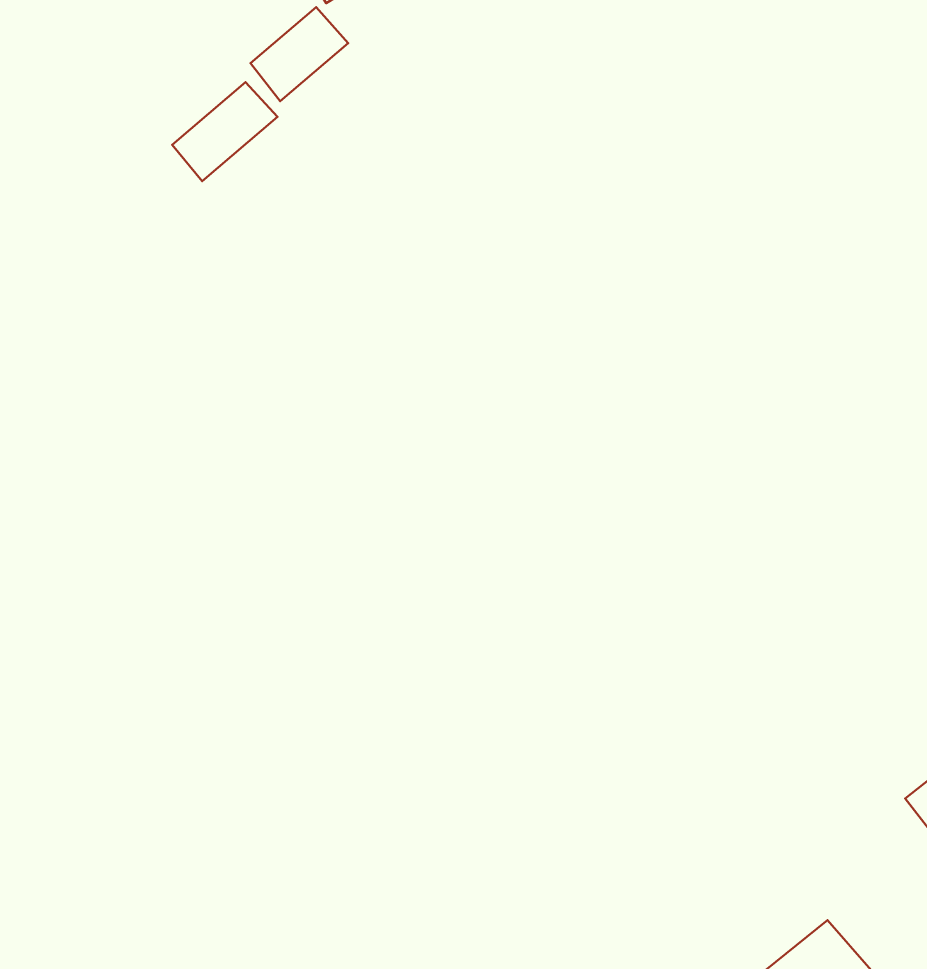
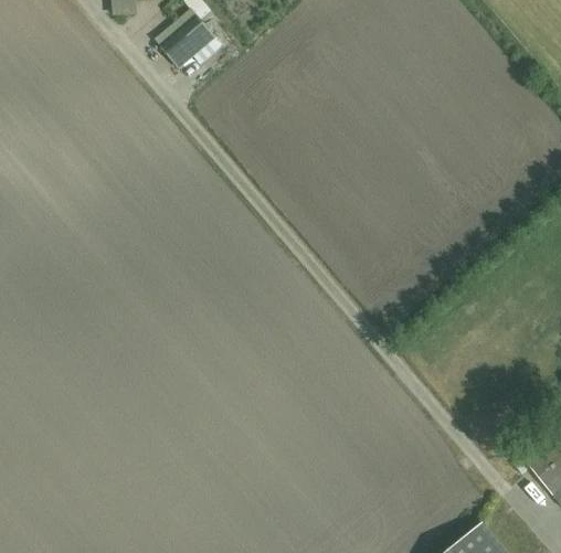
building: [172,82,278,181] -> none

